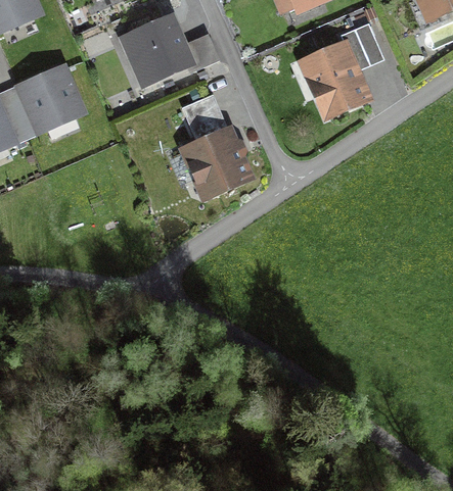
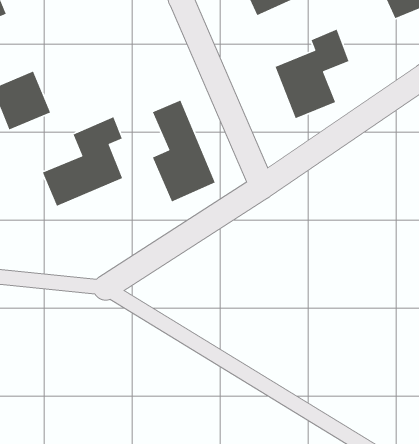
building: [133,19,192,84] -> none
building: none -> [42,116,123,207]

